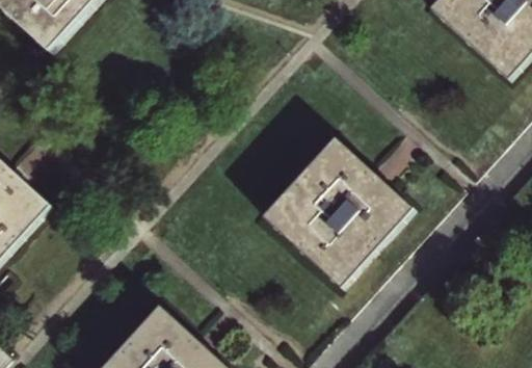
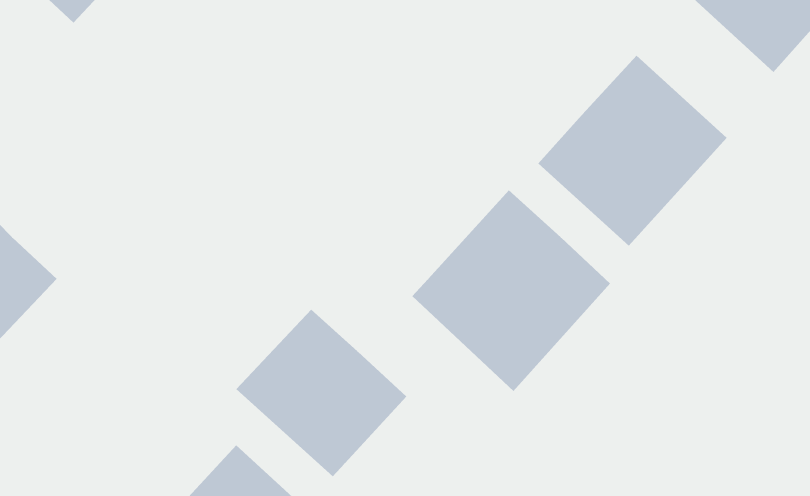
building: none -> [537,55,728,246]
building: none -> [235,309,407,477]

